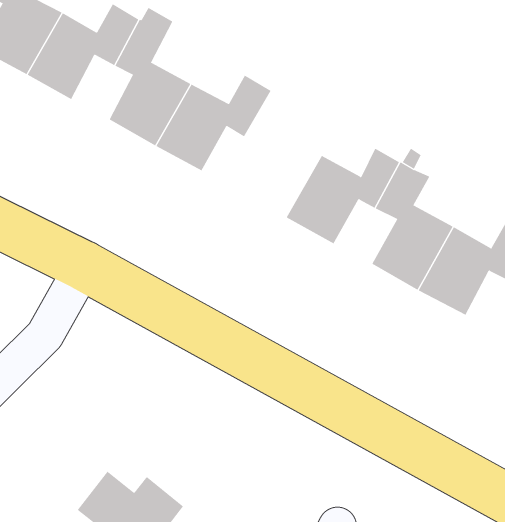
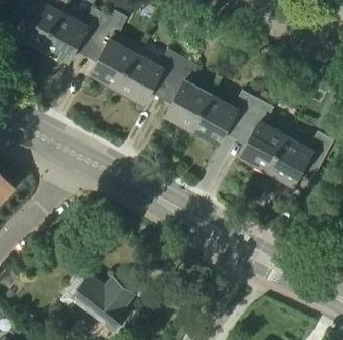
building: none -> [165,58,212,130]

